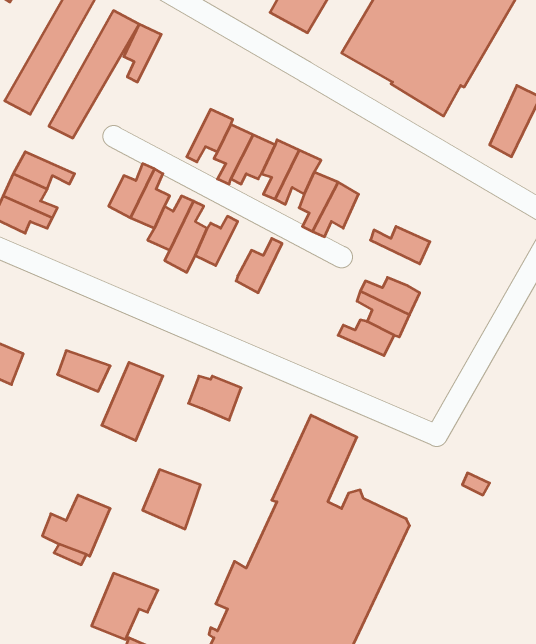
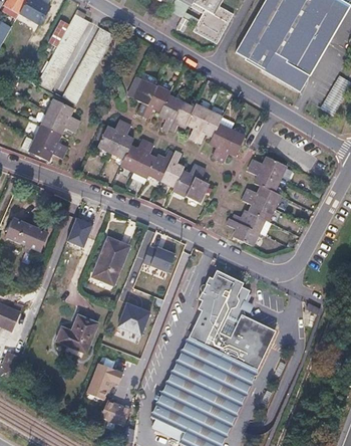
building: [124,24,161,82] -> [134,81,156,116]
building: none -> [47,99,79,126]
building: none -> [159,151,182,186]
building: none -> [248,165,280,192]
building: none -> [185,167,207,202]
building: none -> [226,220,259,246]

